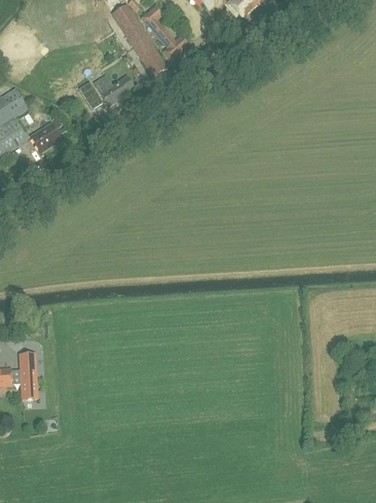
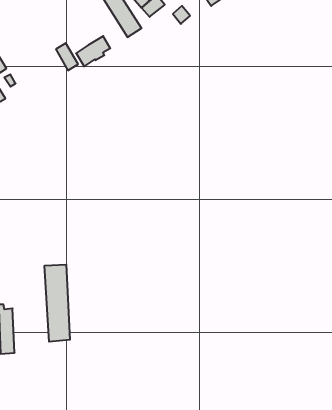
building: [30,122,60,149] -> none
building: none -> [45,265,70,342]

